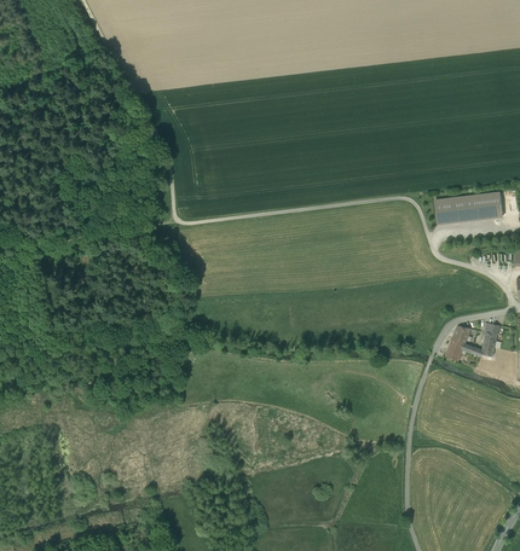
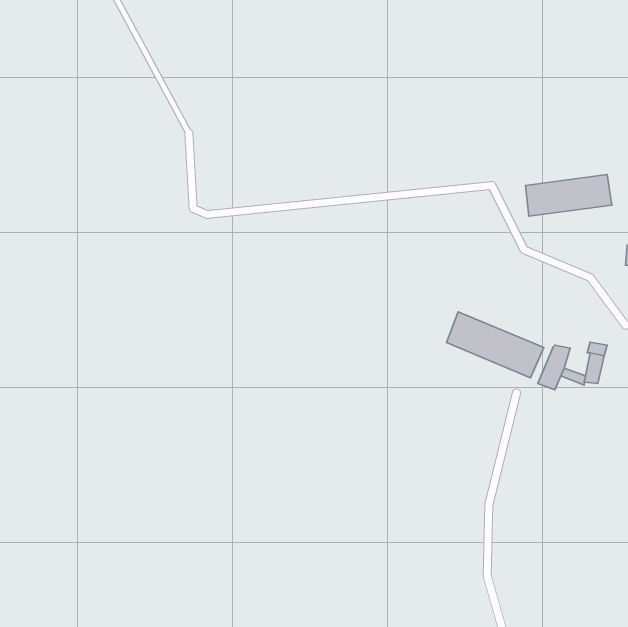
building: none -> [446,312,544,378]

